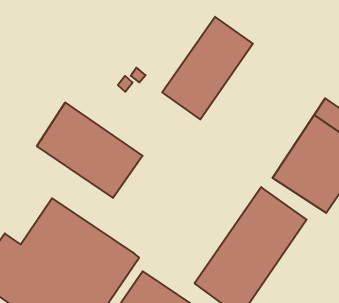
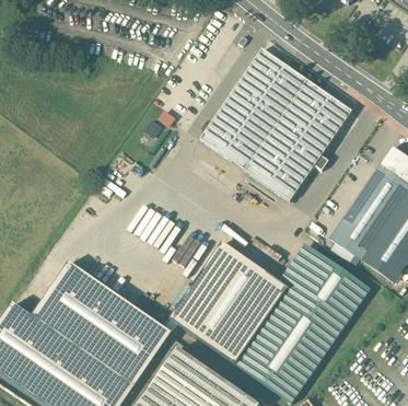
building: none -> [243,79,350,199]
building: [37,102,143,198] -> none
building: none -> [164,241,315,362]

